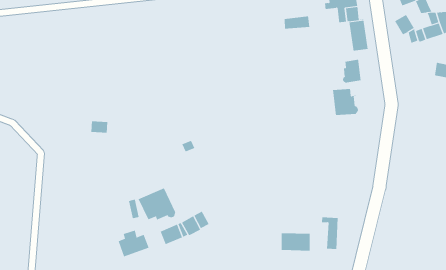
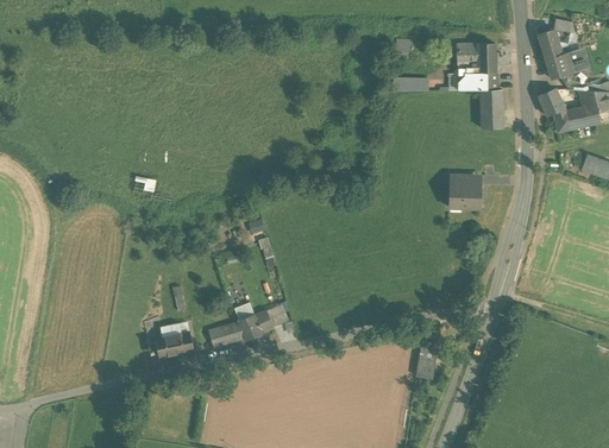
building: [341,59,361,84] -> none
building: [138,187,176,224] -> none
building: [281,232,310,251] -> none

